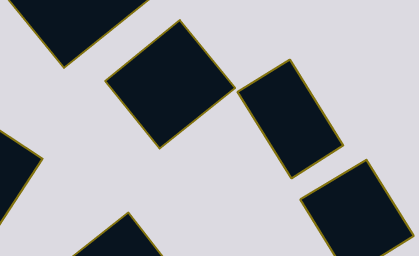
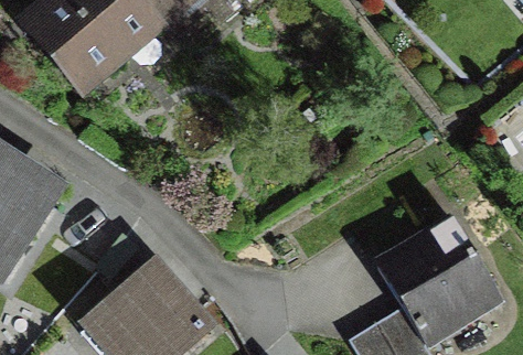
building: [105,20,235,149] -> none
building: [238,60,343,178] -> none

